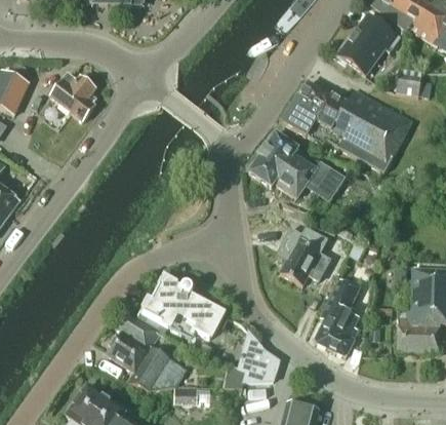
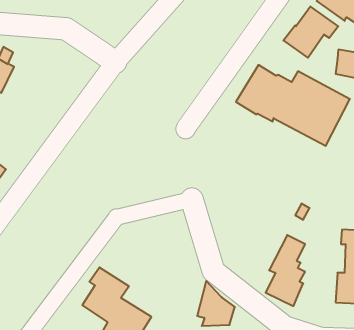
building: [50,71,96,119] -> none
building: [250,131,347,200] -> none
building: [280,240,332,284] -> none
building: [140,276,224,339] -> none

